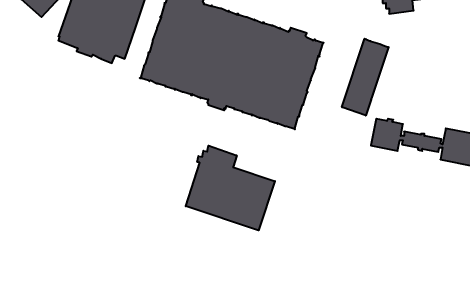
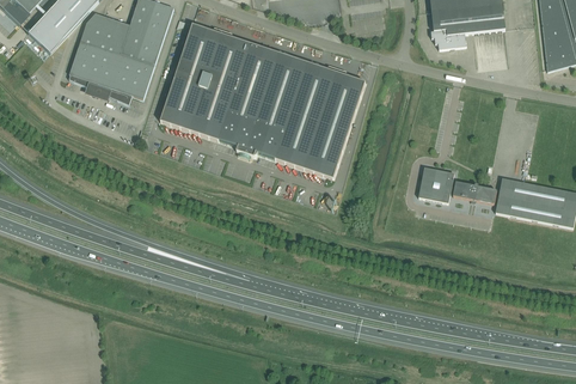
building: [342,39,389,116] -> none
building: [186,146,275,230] -> none

